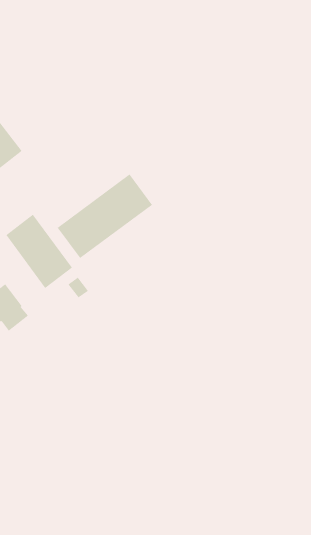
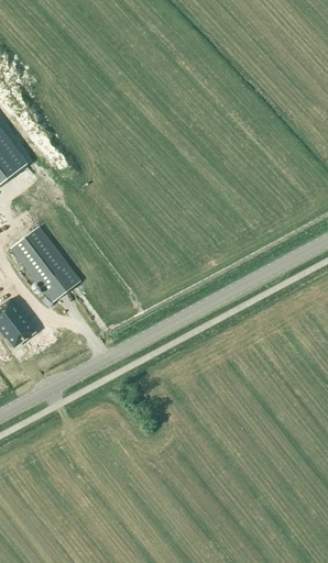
building: [57,174,153,259] -> none

